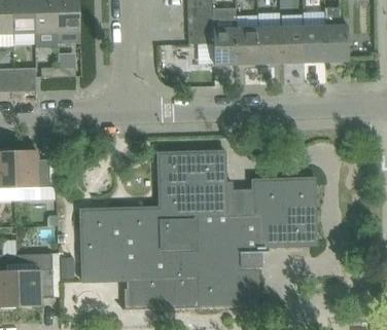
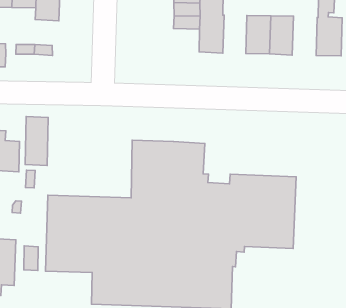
building: [303,26,326,63] -> none
building: [237,28,259,65] -> none
building: none -> [25,116,48,166]

